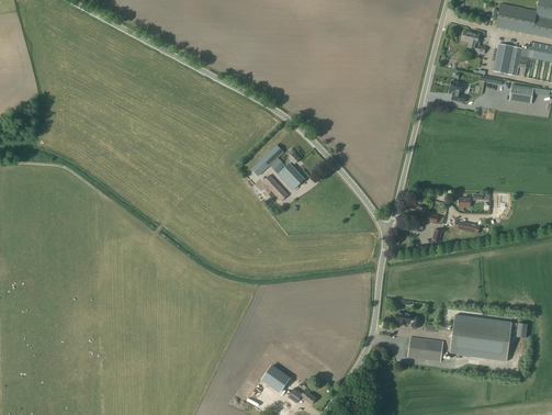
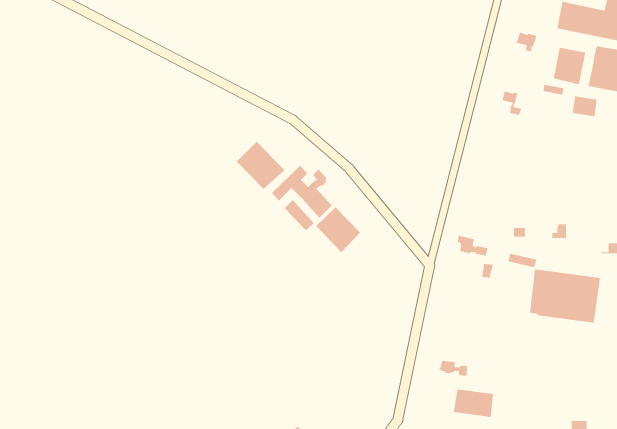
building: none -> [236,141,285,190]
building: none -> [315,207,361,253]
building: [450,314,511,361] -> [529,268,601,323]

